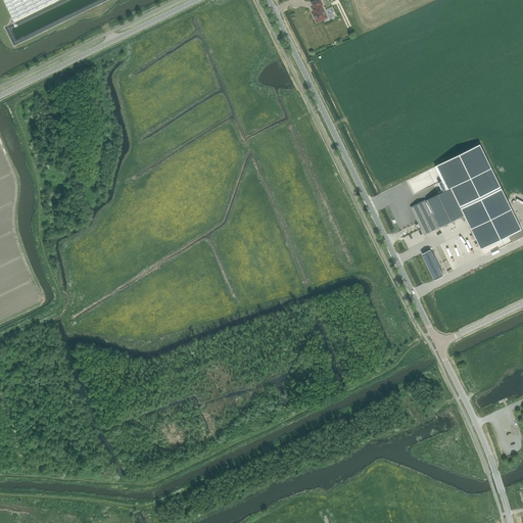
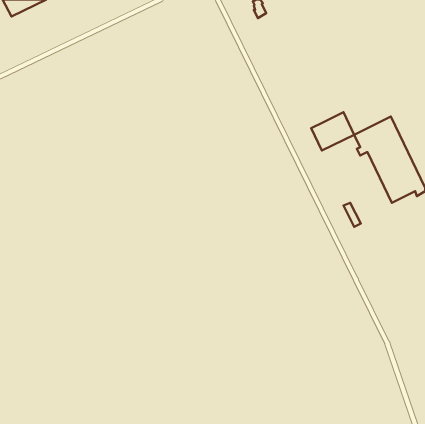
building: [411,187,464,234] -> [311,112,354,150]

